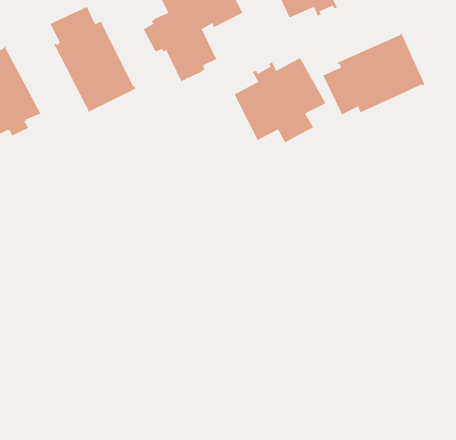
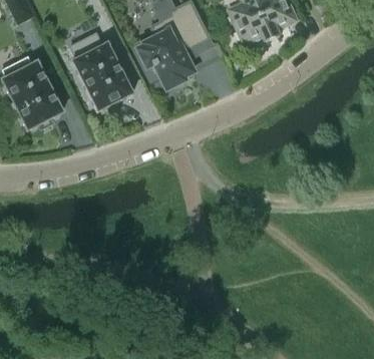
building: [323,32,425,115] -> none
building: [234,57,326,143] -> none

